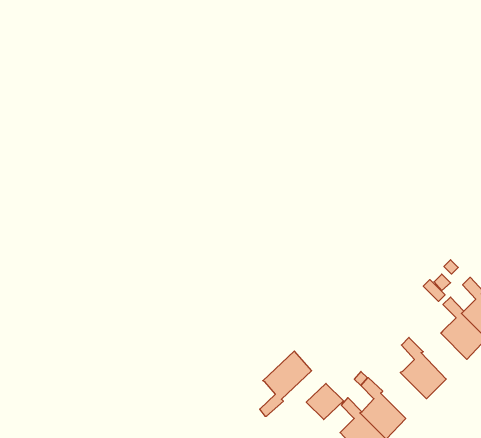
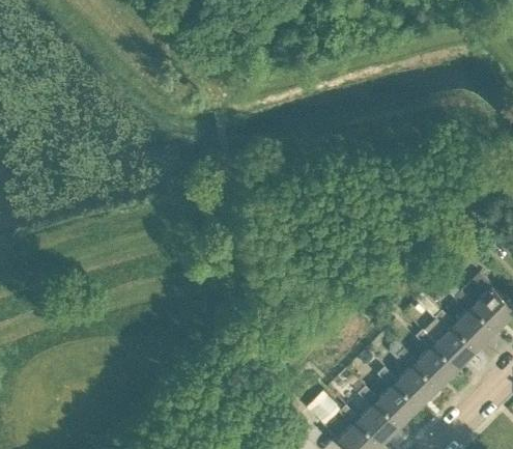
building: none -> [414,333,457,391]
building: [260,351,312,416] -> none
building: none -> [375,370,419,428]

